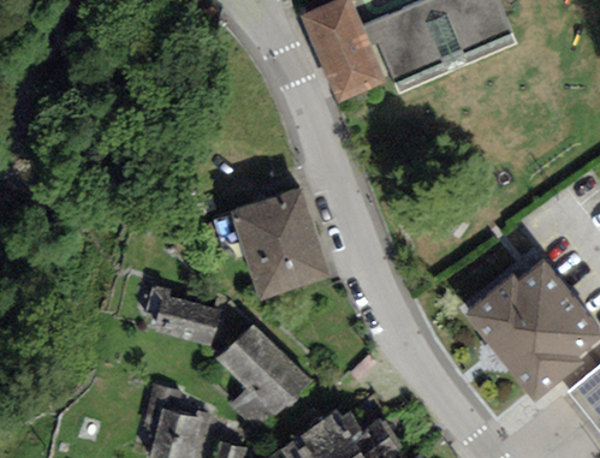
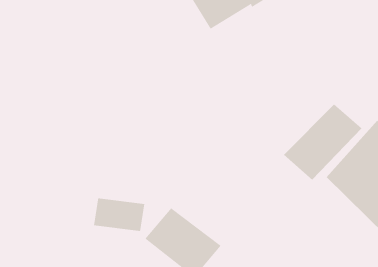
building: [228,188,329,299] -> none
building: none -> [283,103,362,181]

